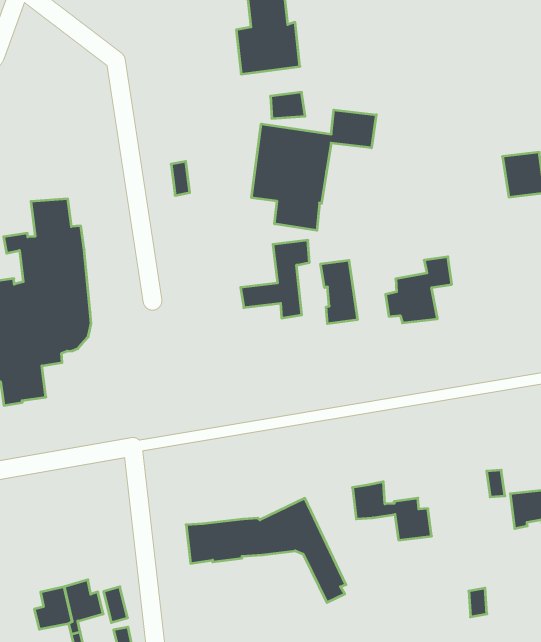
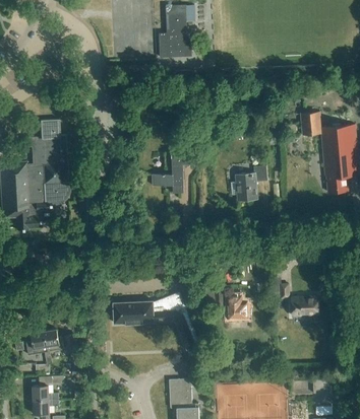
building: [252,110,376,230] -> none
building: [321,260,357,324] -> none

